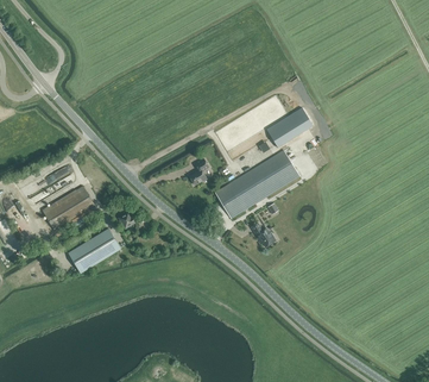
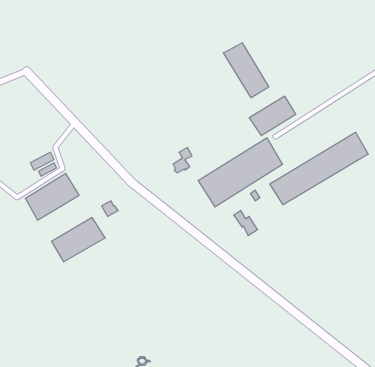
building: none -> [223,43,269,98]
building: none -> [270,132,368,205]

